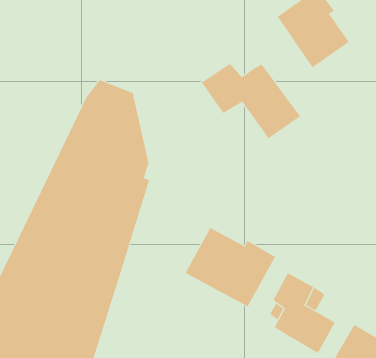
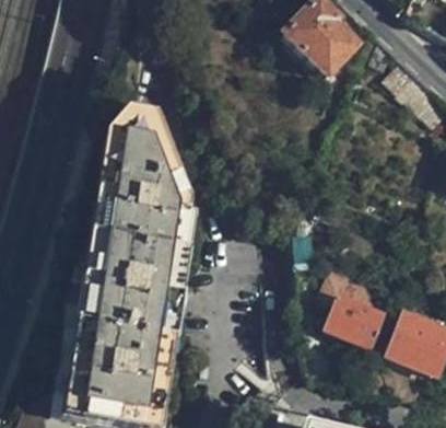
building: [201,63,301,139] -> none
building: [185,227,276,307] -> none

